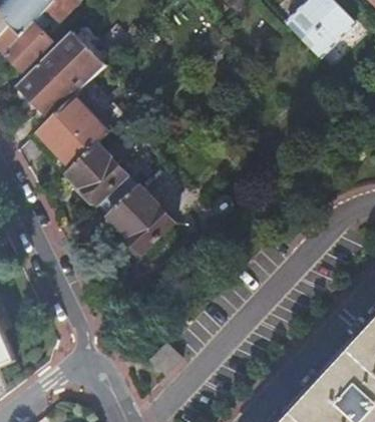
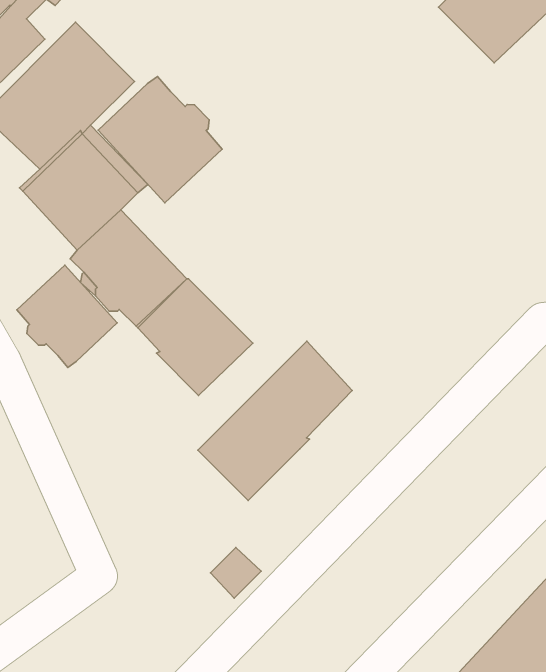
building: none -> [98,77,222,203]
building: none -> [17,265,117,367]
building: none -> [198,341,352,500]

